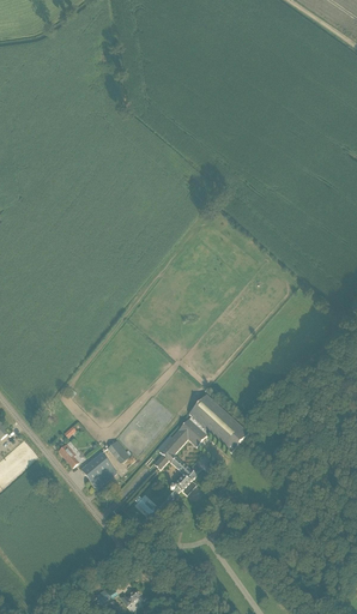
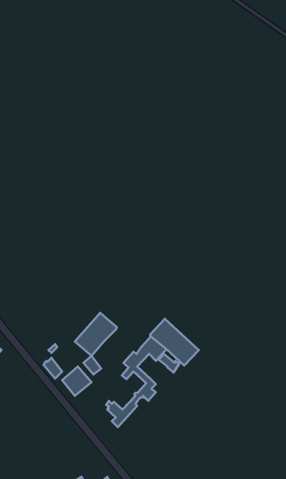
building: none -> [75,313,117,356]

